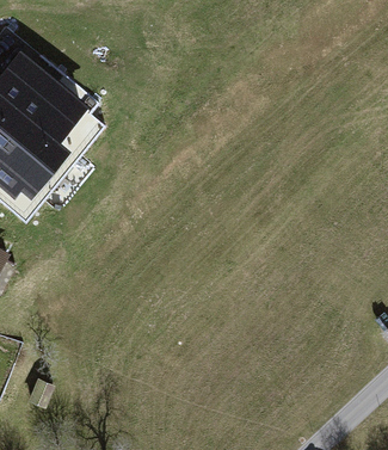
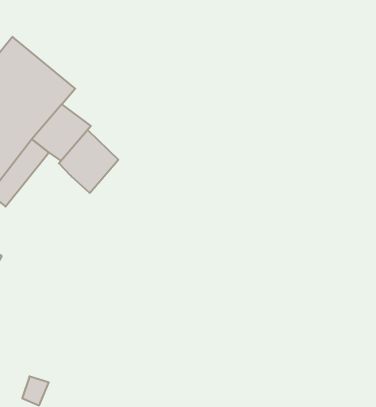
building: none -> [59,130,118,193]

